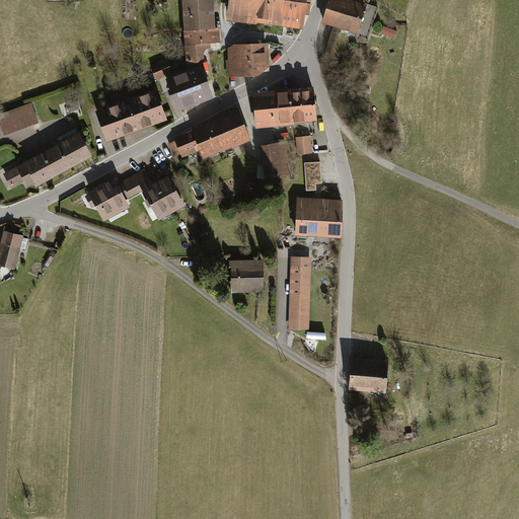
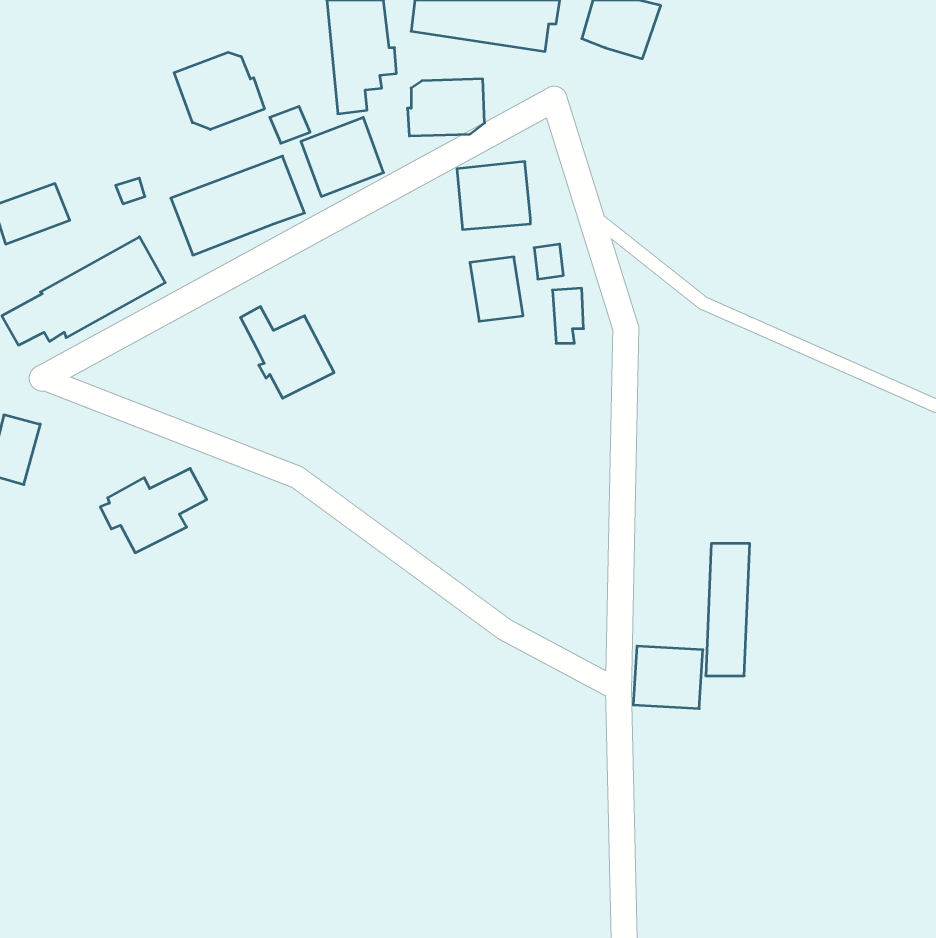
building: none -> [174,52,264,130]
building: [290,85,316,121] -> none
building: [167,107,250,163] -> none
building: [83,175,142,222] -> [100,468,207,553]
building: [295,198,341,236] -> none
building: [287,256,311,329] -> [706,544,750,676]
building: [230,260,264,292] -> none

